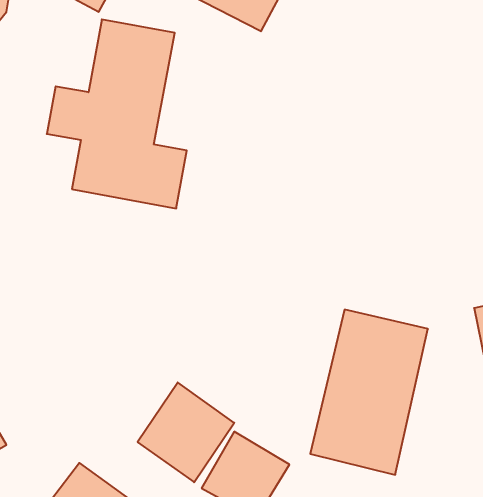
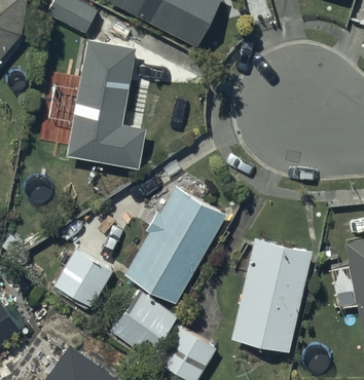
building: none -> [125,187,226,303]
building: none -> [54,250,113,308]

